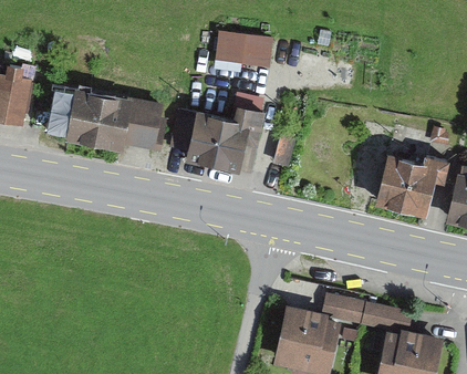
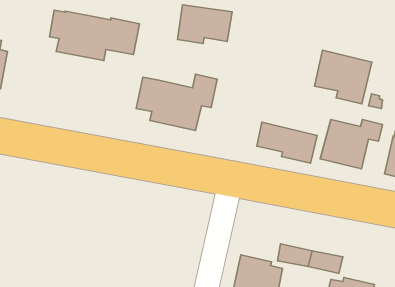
building: none -> [315,50,372,104]
building: [59,92,159,148] -> [49,10,139,60]
building: none -> [257,122,317,163]

